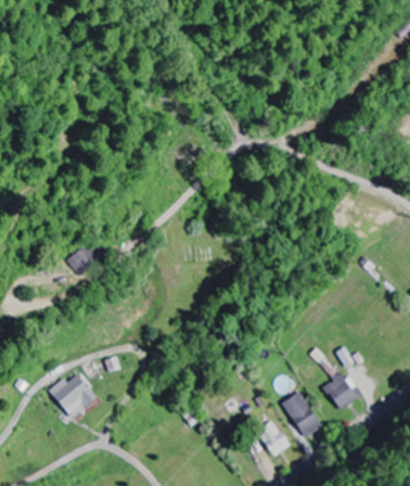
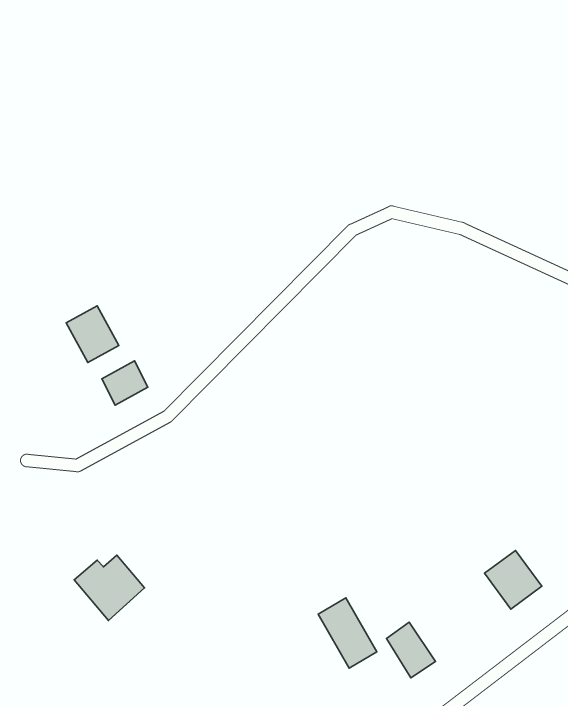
building: none -> [66,306,119,362]
building: [282,391,321,437] -> [318,598,377,668]

